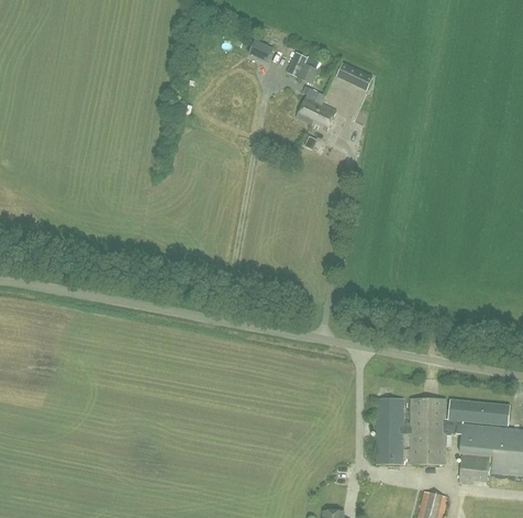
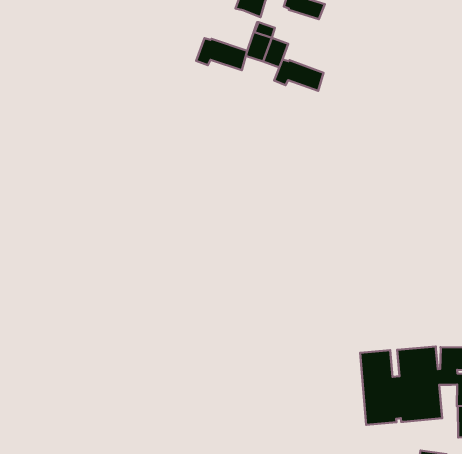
building: none -> [196,38,247,70]
building: none -> [274,59,324,91]

